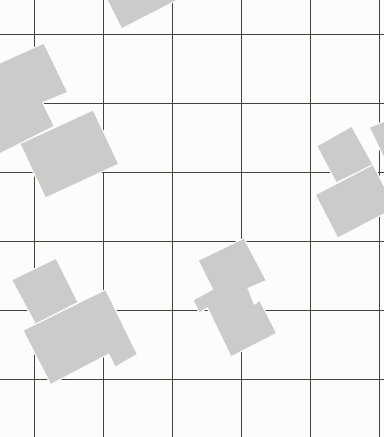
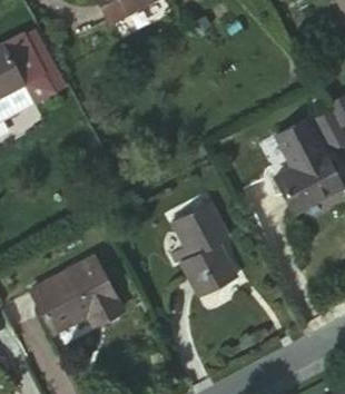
building: [20,110,119,198] -> none
building: [12,258,78,324] -> none

